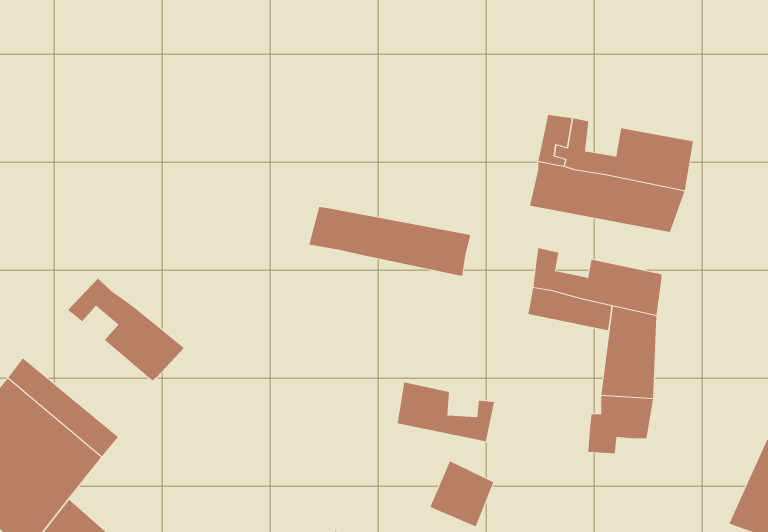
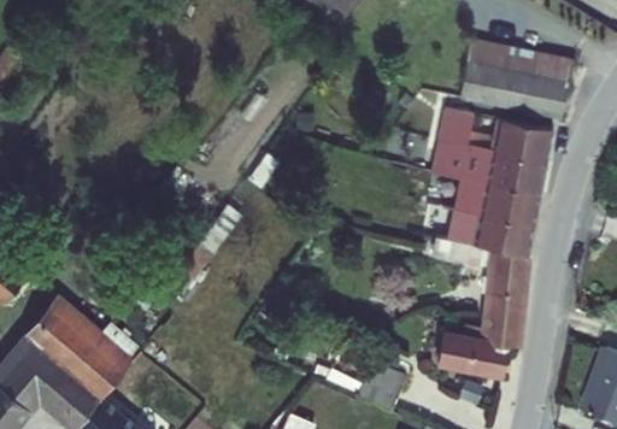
building: none -> [463,45,576,121]
building: [308,207,471,277] -> [418,176,536,227]
building: [67,278,185,381] -> none
building: [397,382,495,442] -> [439,331,510,375]

